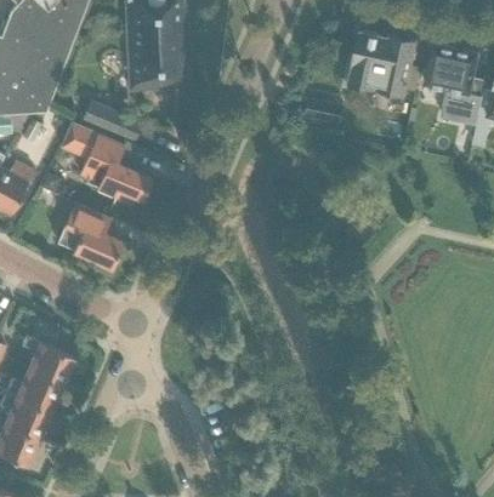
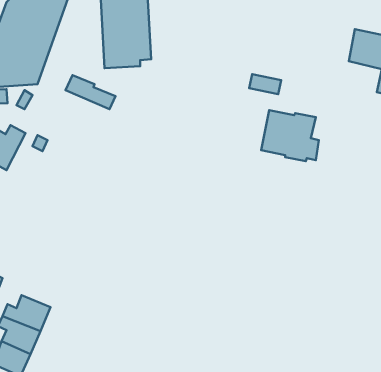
building: [350,32,420,93] -> [261,110,319,161]
building: [61,124,151,200] -> none
building: [57,201,123,269] -> none
building: [22,337,74,382] -> none

